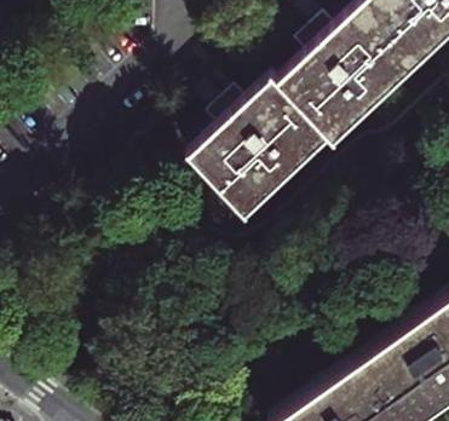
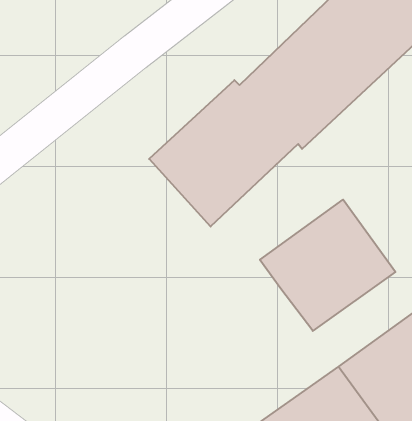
building: none -> [260,200,395,331]

